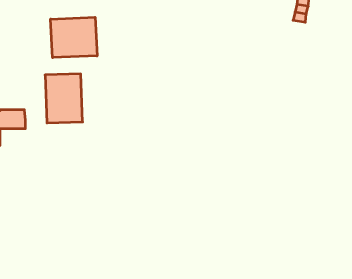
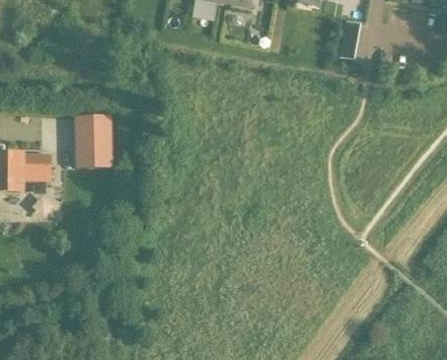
building: [51,17,97,58] -> none

